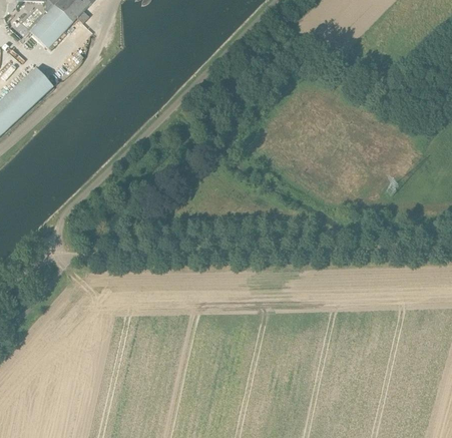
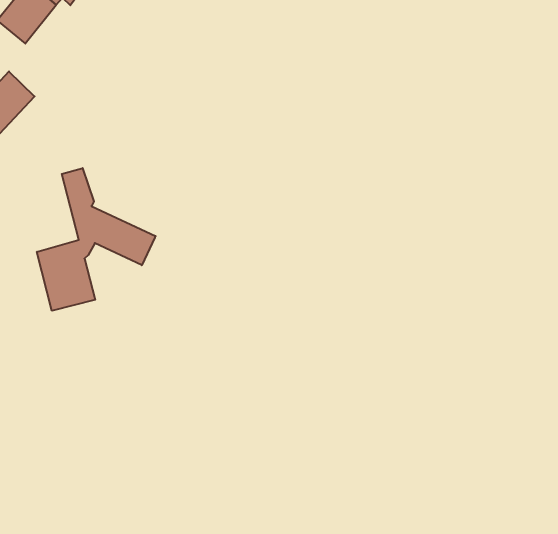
building: none -> [37,168,156,311]

